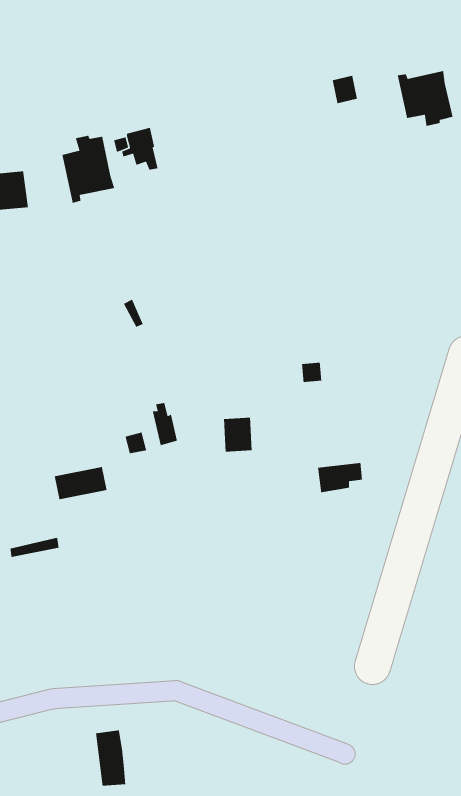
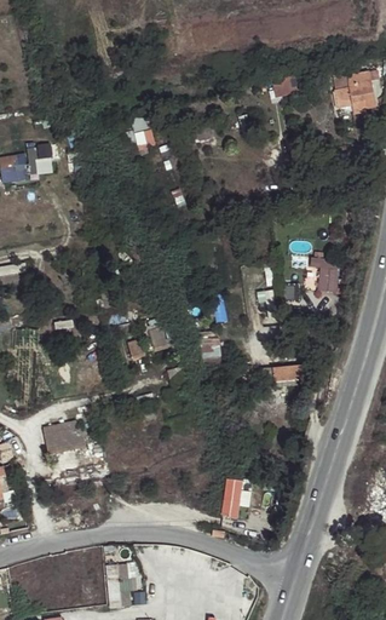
building: [61,135,115,204] -> none
building: none -> [310,253,345,293]
building: [54,466,107,500] -> [42,429,82,454]
building: none -> [223,478,252,517]

